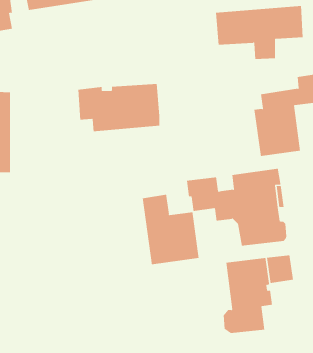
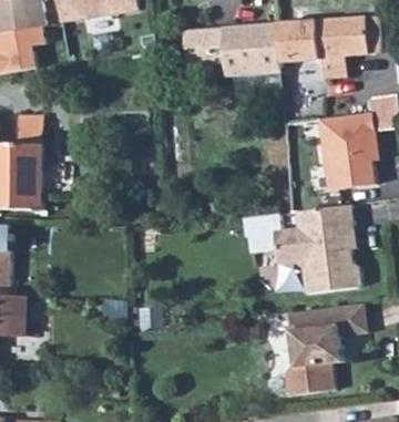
building: [77,84,160,132] -> [185,23,280,79]
building: [142,194,199,265] -> none

